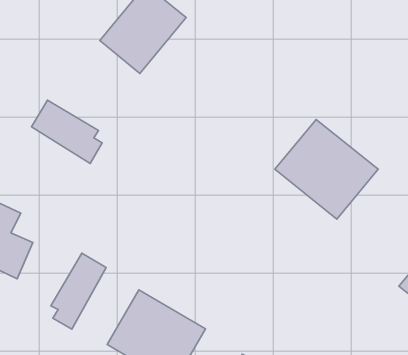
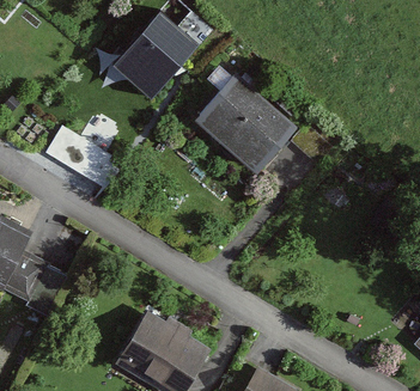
building: [275,119,378,219] -> [197,77,299,175]
building: [51,253,106,329] -> none

